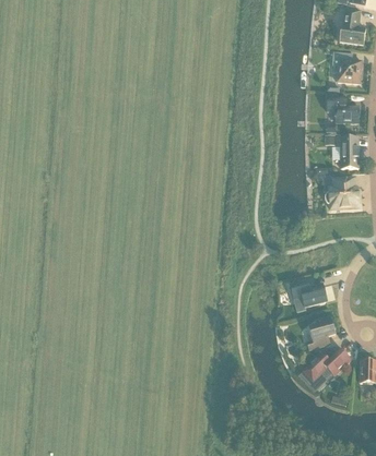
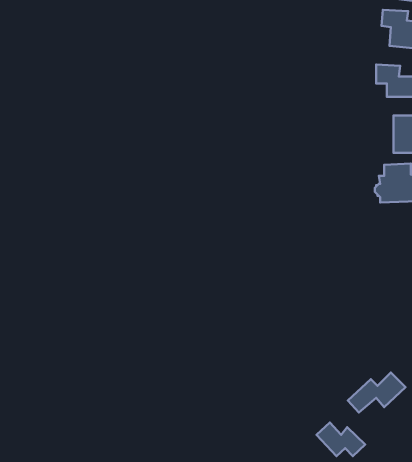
building: [291,279,327,305] -> none
building: [304,316,336,349] -> none
building: none -> [316,423,365,456]

